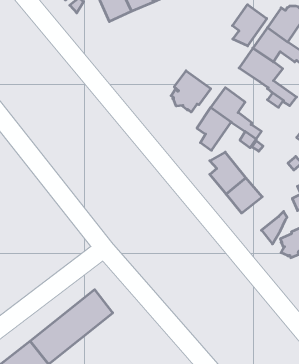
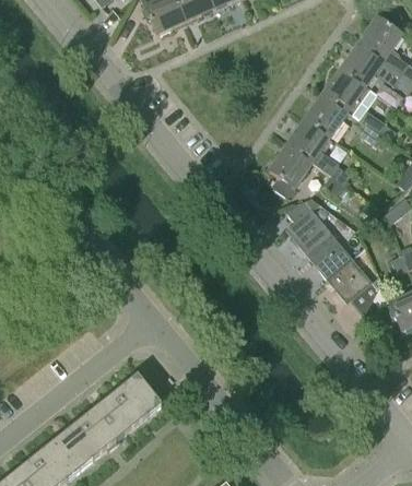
building: [232,5,267,46] -> none
building: none -> [305,93,349,137]
building: [171,71,211,112] -> none
building: none -> [326,257,373,303]

